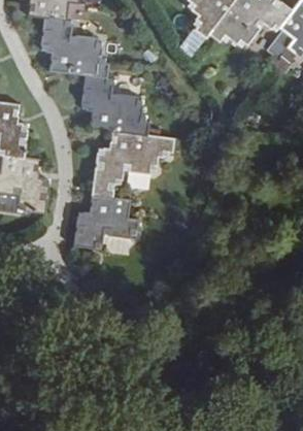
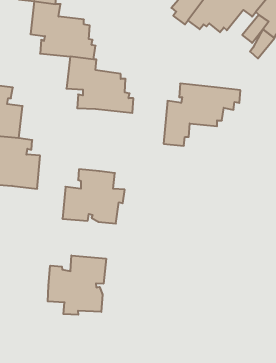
building: [91,129,172,195] -> [164,84,240,146]
building: none -> [48,255,106,315]

